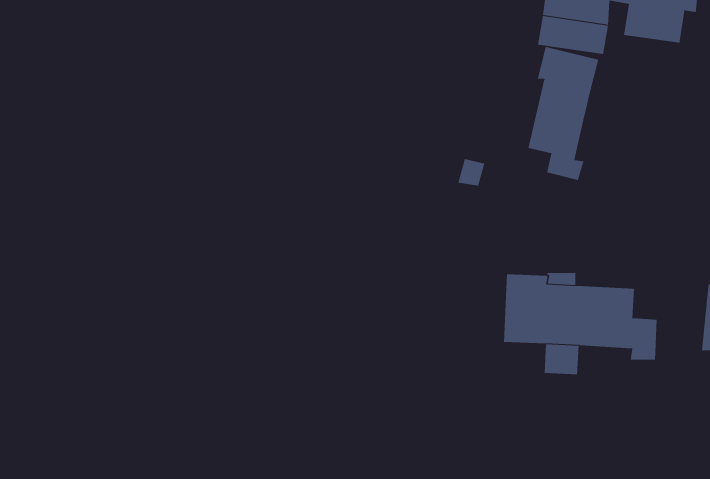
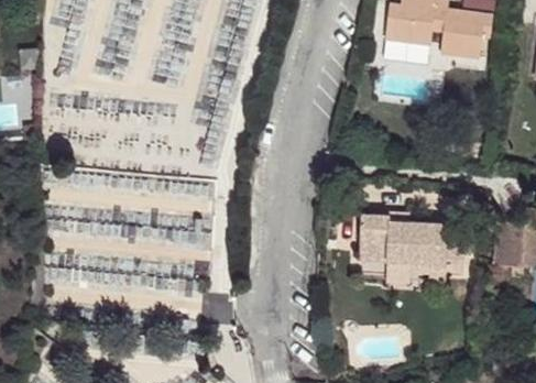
building: [528,46,599,181] -> none

